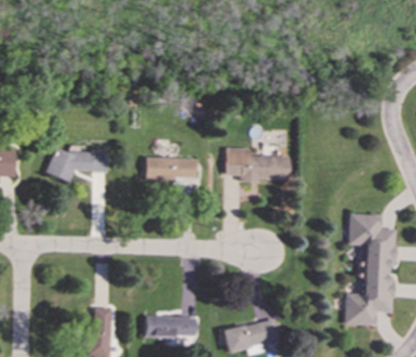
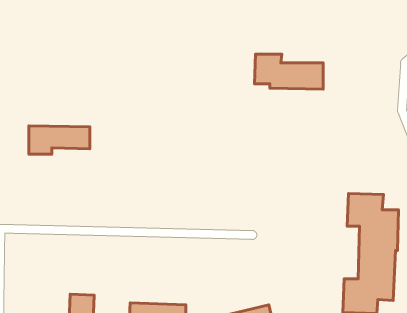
building: [226,149,291,182] -> [254,54,323,89]
building: [143,157,197,182] -> none

